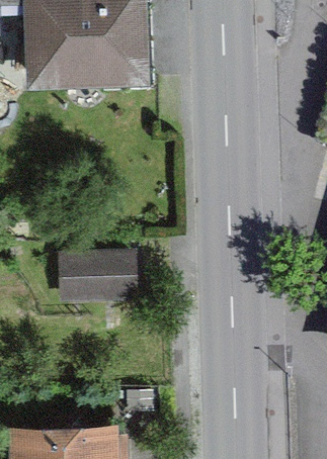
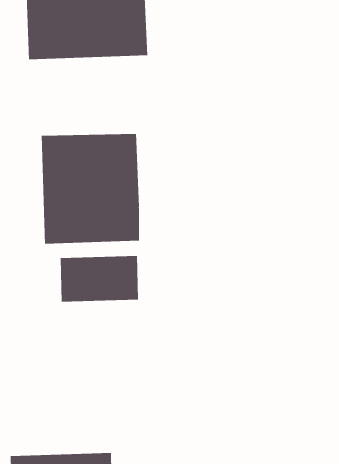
building: none -> [41,133,140,244]

